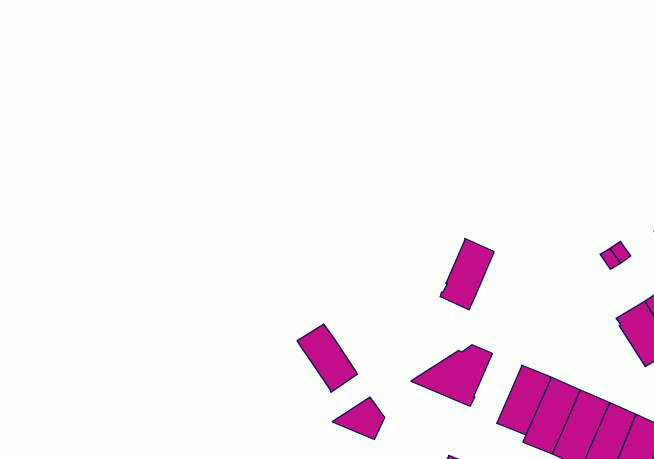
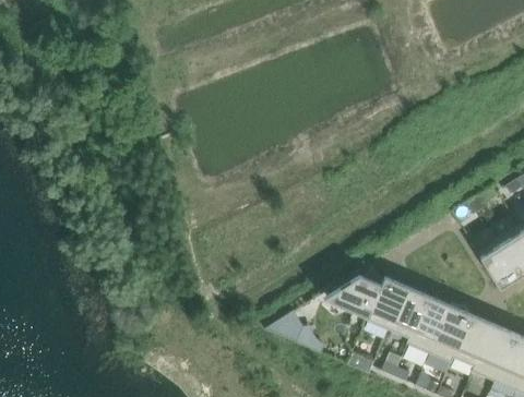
building: [440,238,494,310] -> [367,276,407,329]
building: [297,324,357,392] -> none

